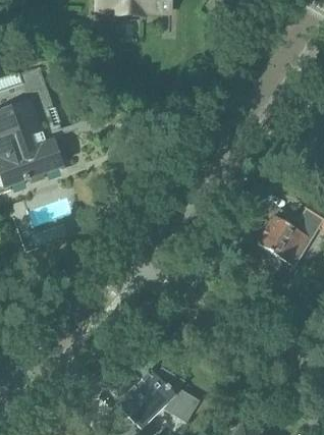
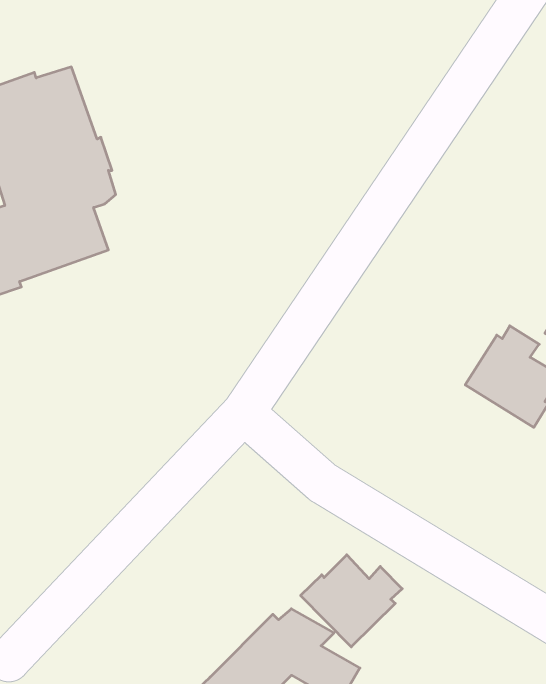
building: none -> [301,555,402,647]

